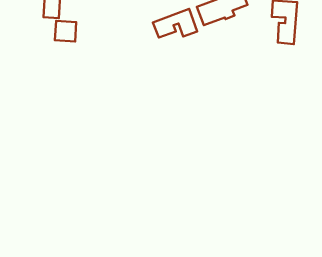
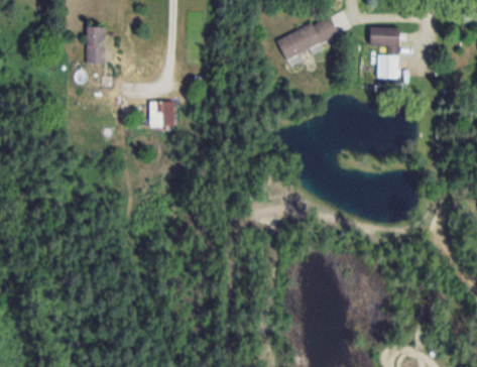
building: [153,9,197,37] -> none
building: [55,21,76,41] -> [148,102,173,126]

